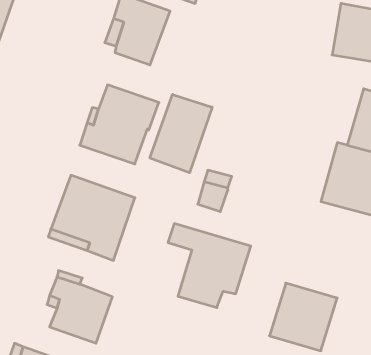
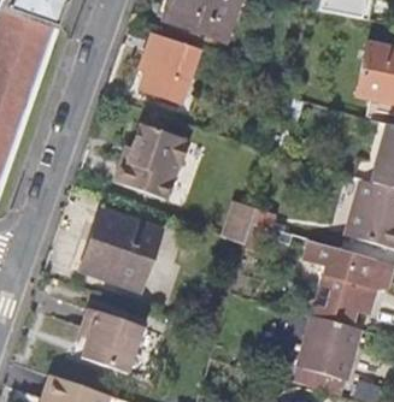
building: [150,94,212,173] -> none
building: [168,224,251,308] -> [305,237,384,318]

